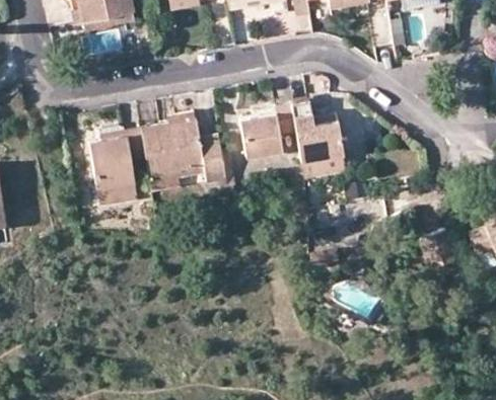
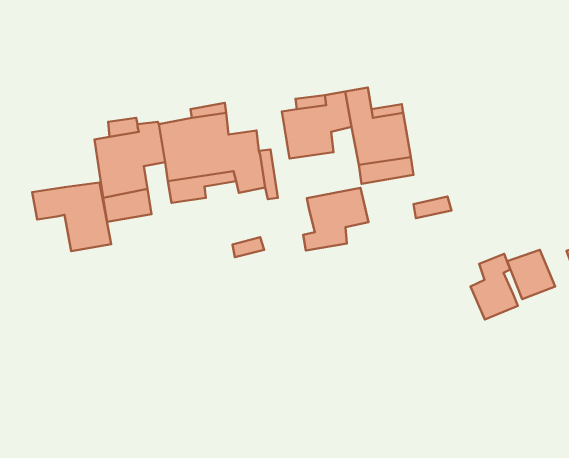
building: none -> [32,182,111,251]
building: none -> [303,188,369,251]
building: none -> [470,254,518,320]

